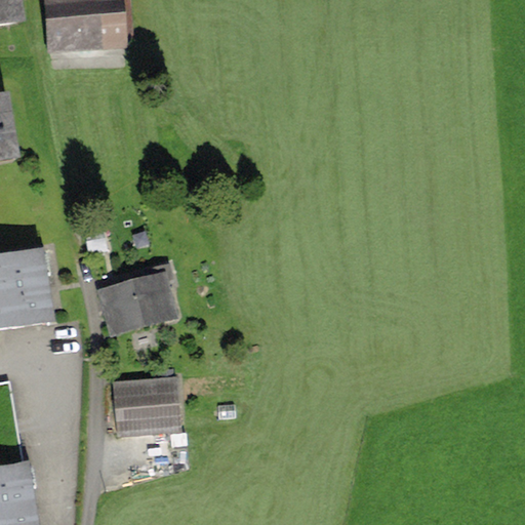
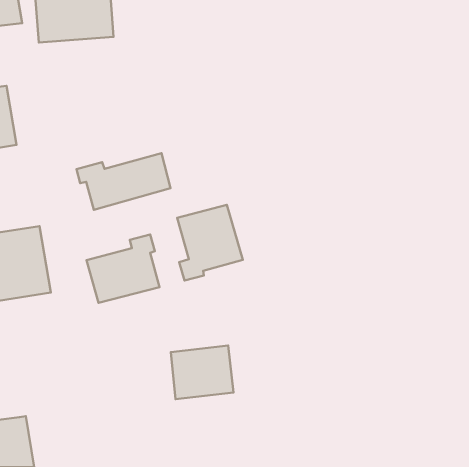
building: none -> [76,153,171,210]
building: none -> [177,205,243,281]
building: [112,372,181,432] -> [171,346,234,399]

